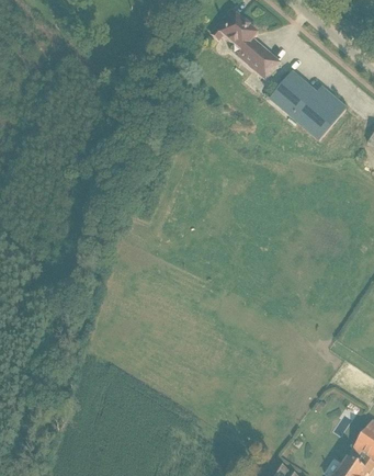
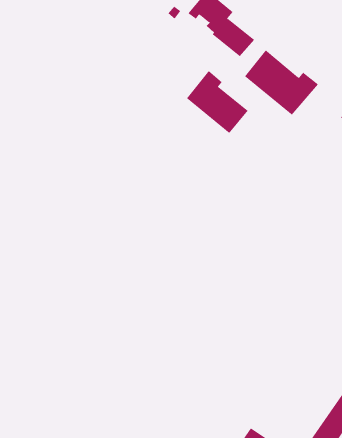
building: none -> [186,70,249,134]

